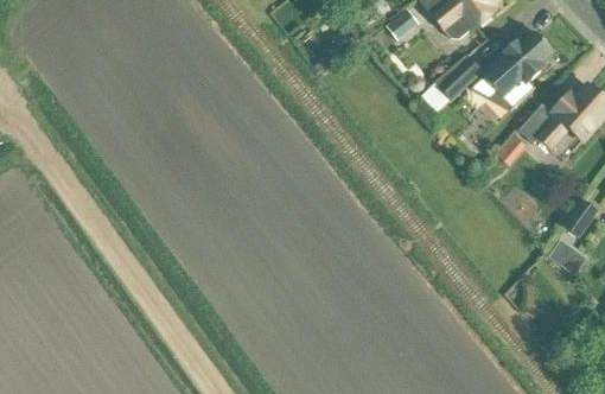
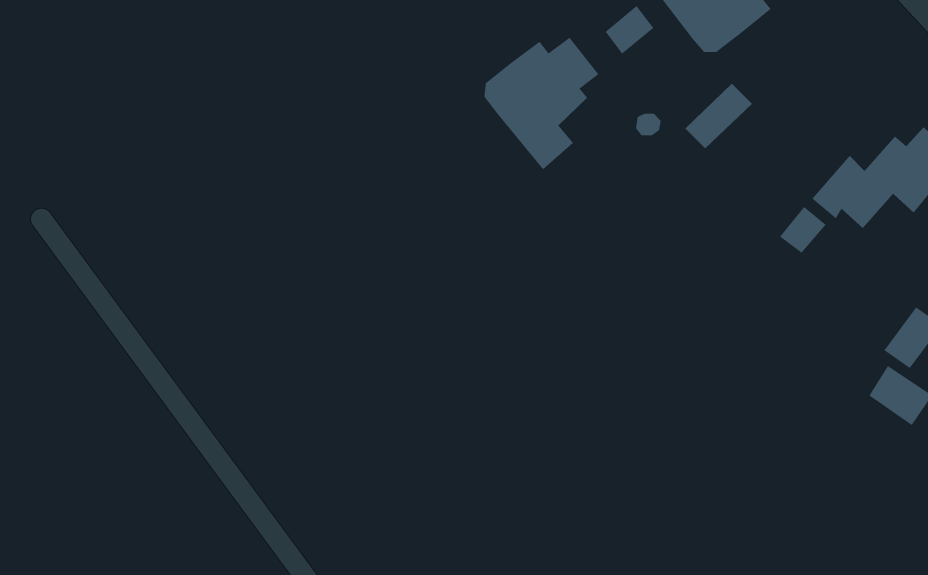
building: none -> [484,37,599,170]
building: [484,32,552,108] -> none

